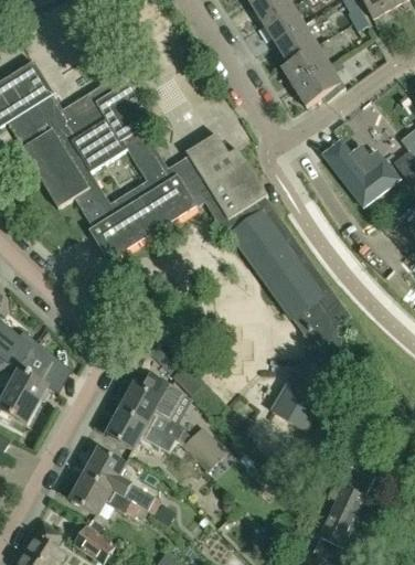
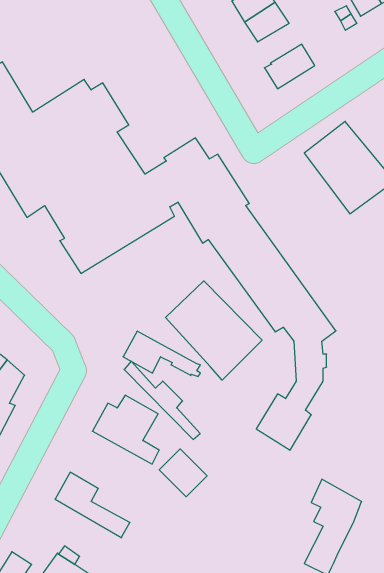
building: [274,24,316,62] -> none
building: [292,64,344,106] -> none
building: none -> [166,281,262,380]
building: [105,409,178,452] -> [123,331,200,377]
building: [70,473,147,518] -> none

